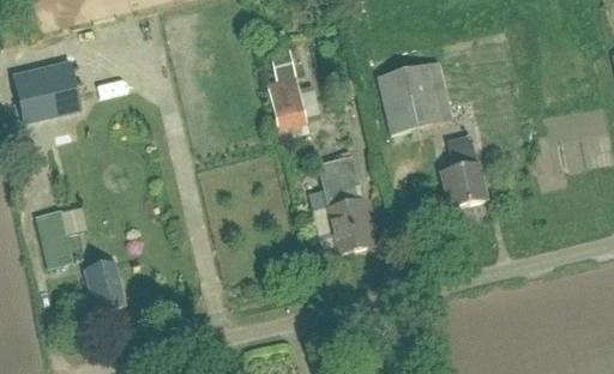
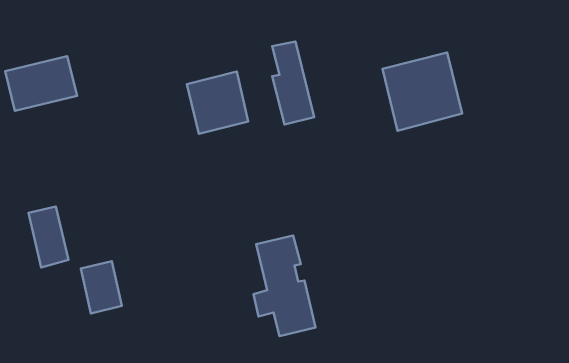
building: none -> [187,71,248,134]
building: [441,134,486,207] -> none
building: [314,156,374,253] -> [254,236,316,336]

